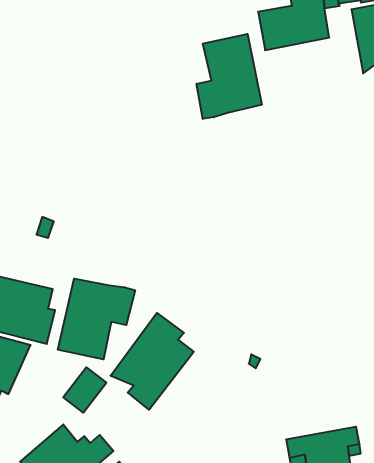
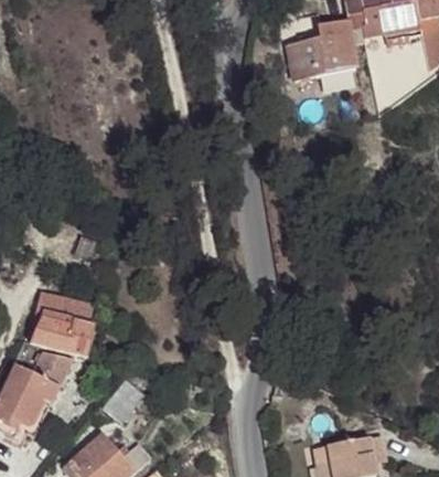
building: [197,34,262,119] -> none
building: [58,279,135,359] -> none
building: [110,313,194,410] -> none

